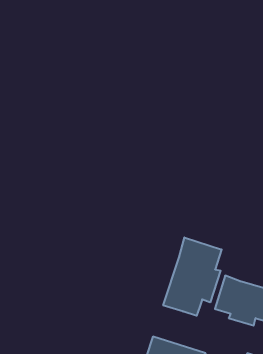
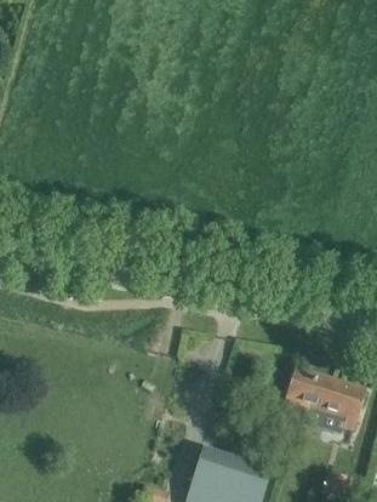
building: [163,237,222,316] -> none

